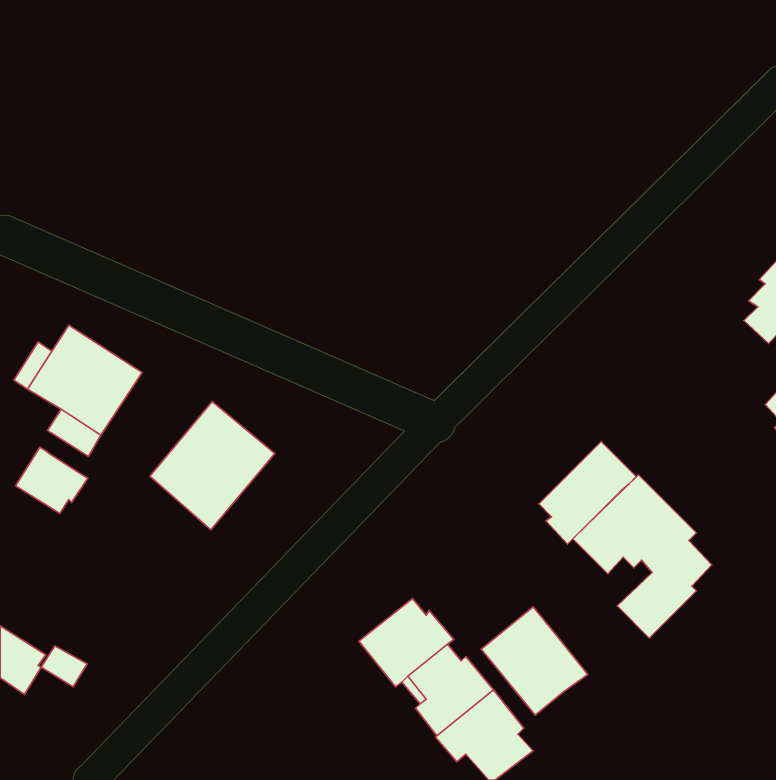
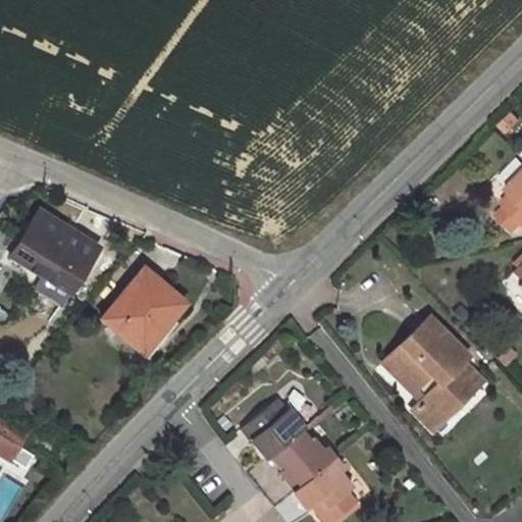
building: [539,442,636,544] -> none
building: [16,447,88,514] -> none
building: [481,607,588,715] -> none

